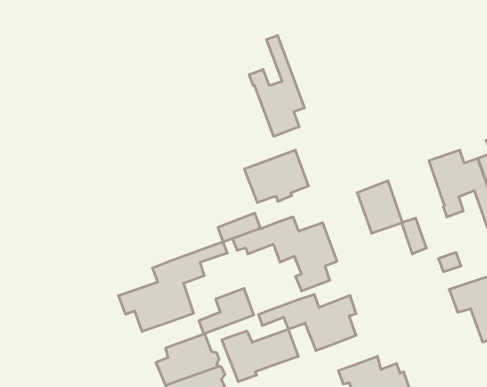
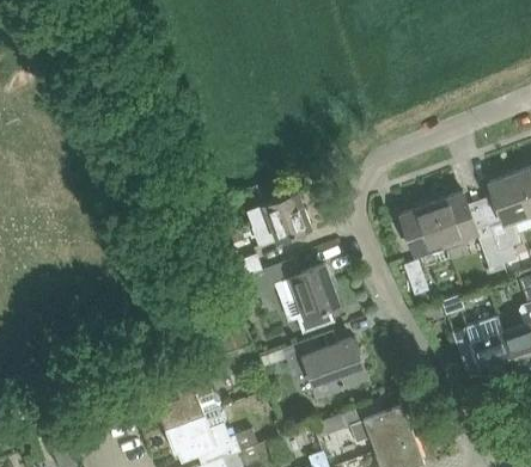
building: [249,35,304,136] -> none
building: [357,181,402,233] -> [401,204,446,257]
building: [118,242,227,332] -> none
building: [222,329,298,382] -> none

